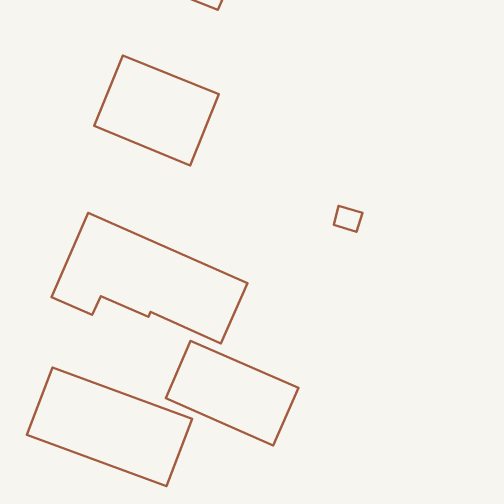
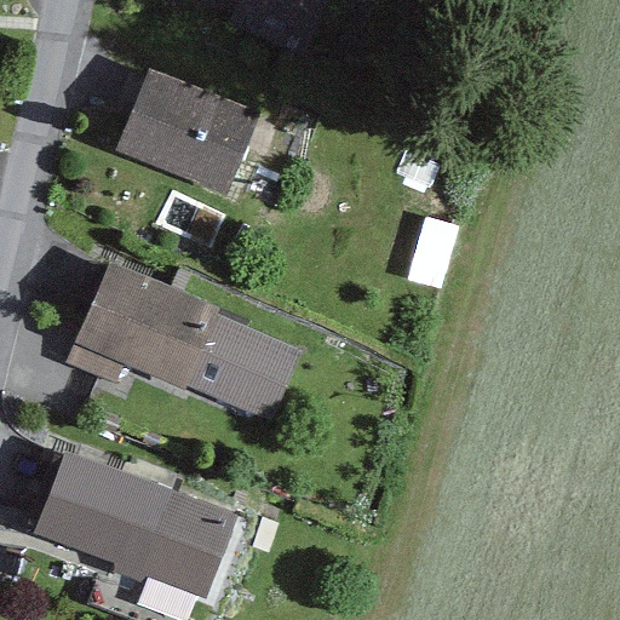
building: [166,341,299,445] -> none

